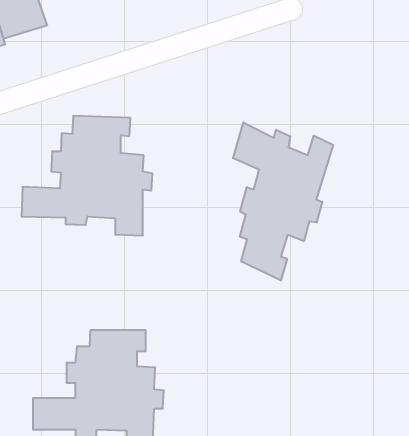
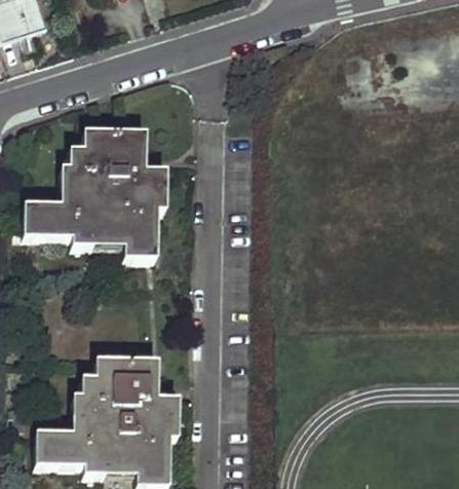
building: [233,122,333,281] -> none

